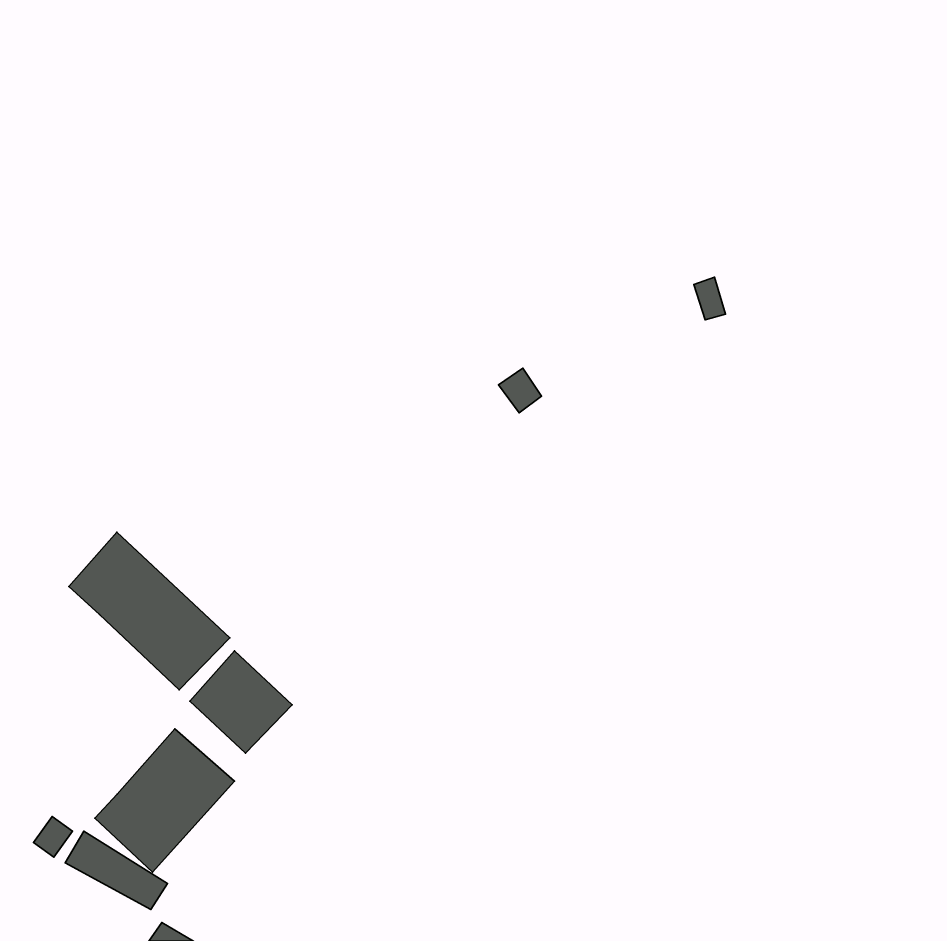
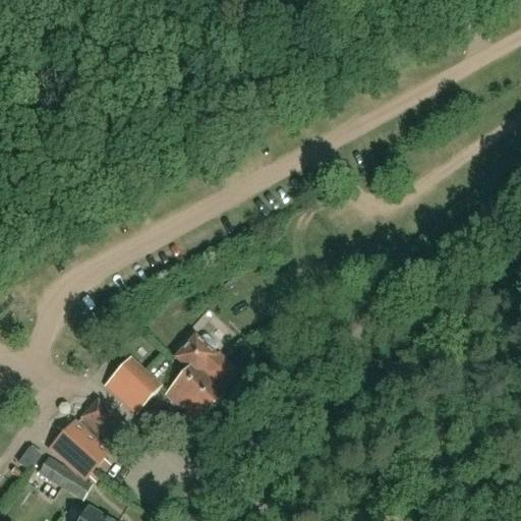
building: [69,532,230,690] -> none
building: none -> [163,333,236,422]

